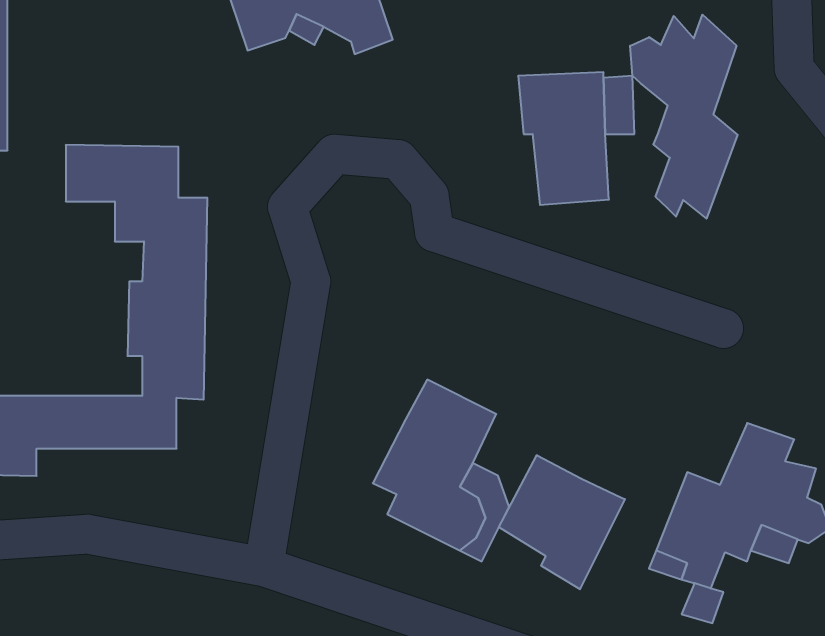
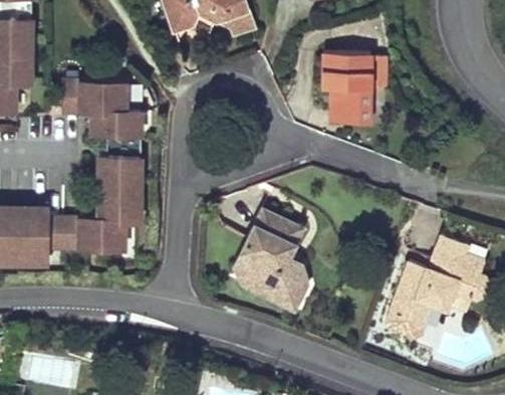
building: [630,15,738,219] -> none
building: [499,455,625,589] -> none

